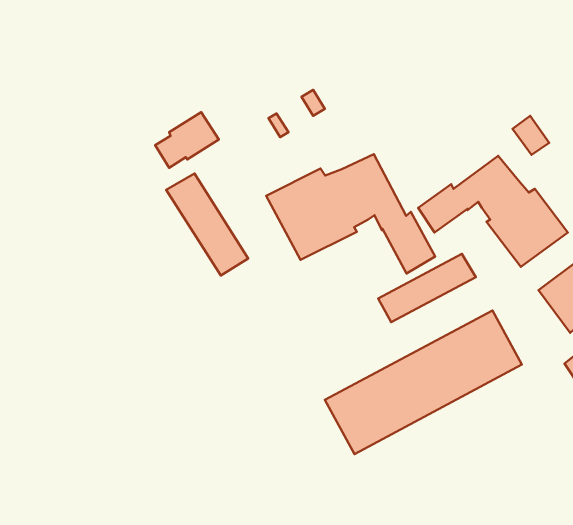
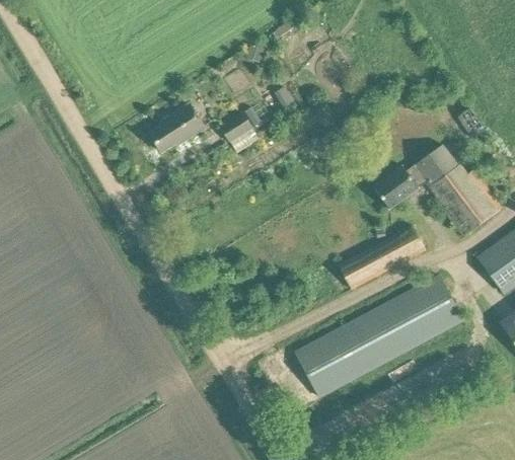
building: none -> [221,111,254,141]
building: [266,154,435,273] -> none
building: [166,174,248,275] -> none

